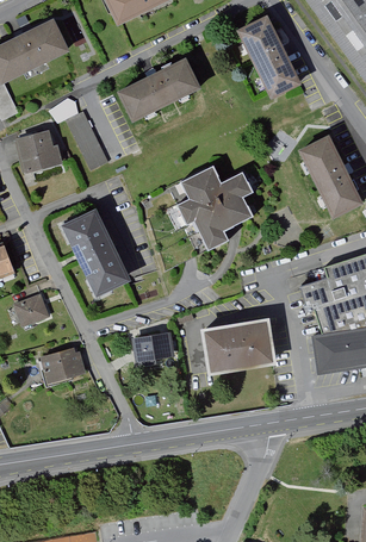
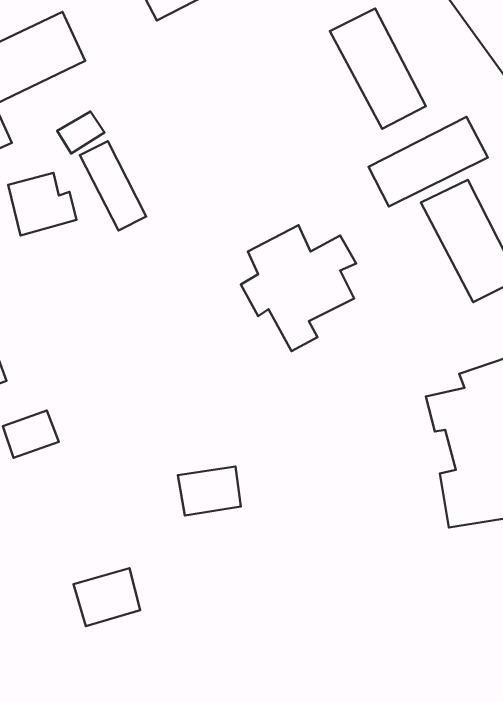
building: [116,58,201,124] -> none
building: none -> [369,117,488,207]
building: [58,207,132,300] -> none
building: [200,318,278,375] -> none
building: [41,343,86,382] -> [74,568,140,626]

